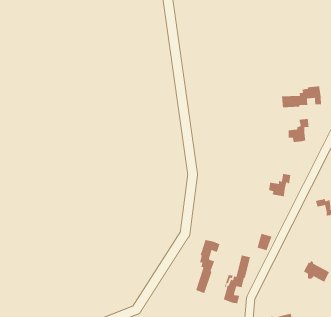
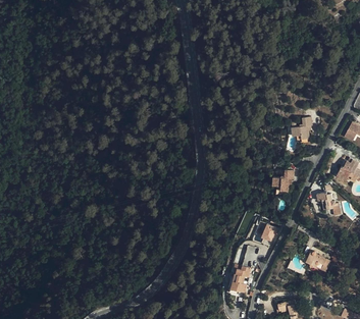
building: [281,86,322,108] -> none
building: [195,239,220,294] -> none

